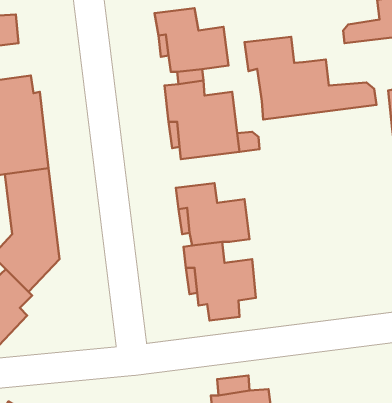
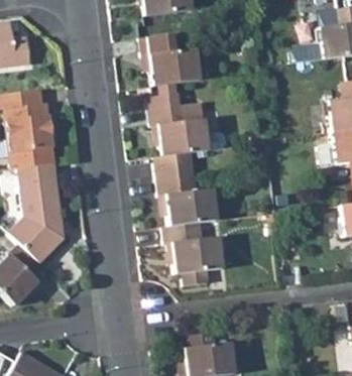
building: [245,37,377,119] -> none

